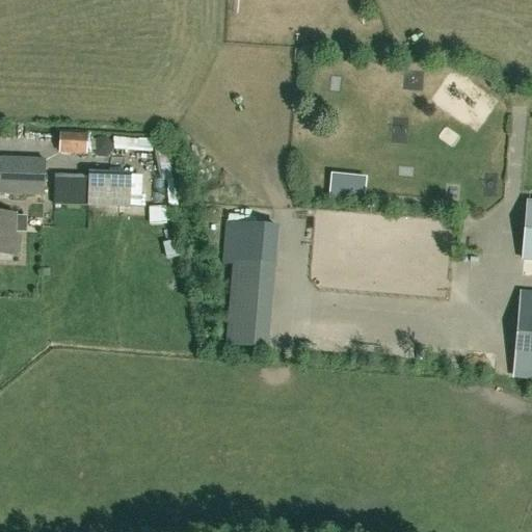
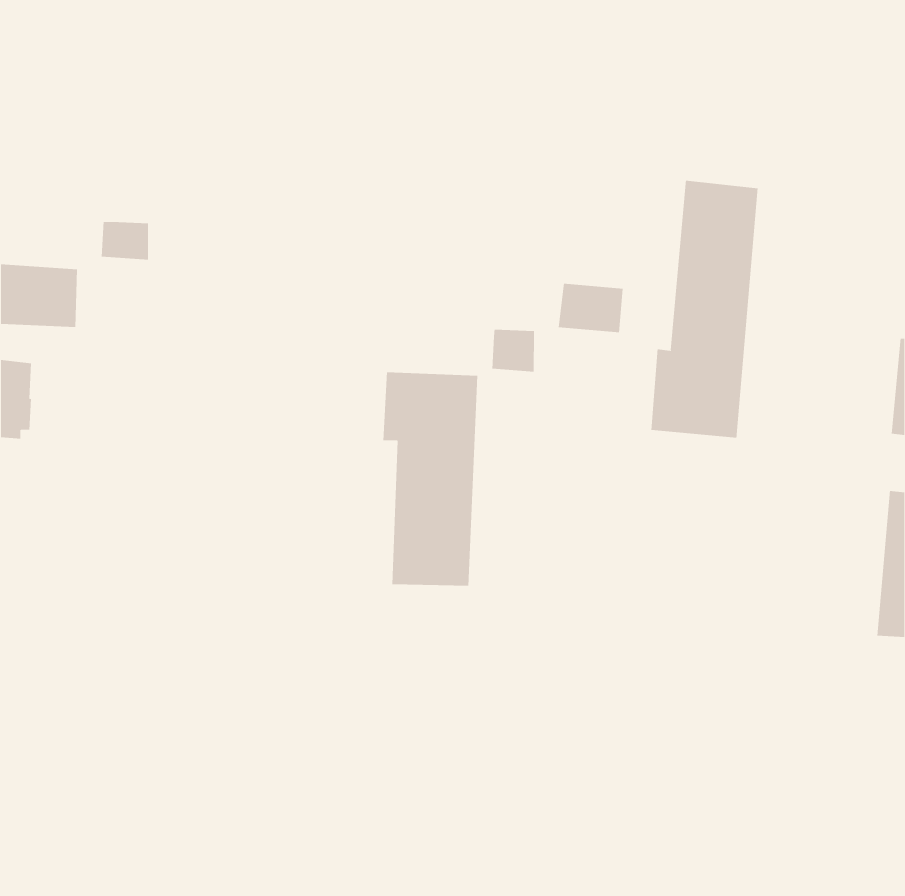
building: none -> [651,180,758,438]
building: [52,174,130,205] -> none
building: none -> [492,329,535,373]

